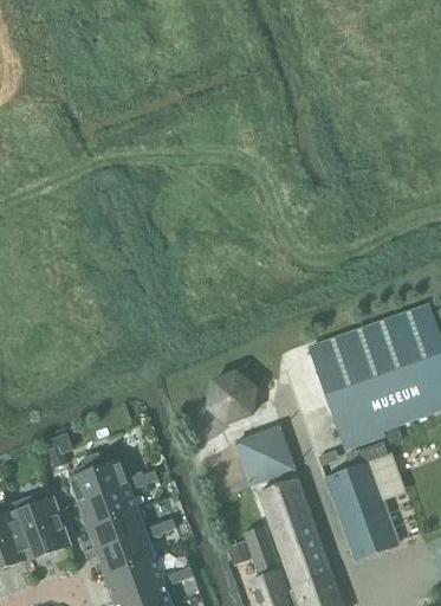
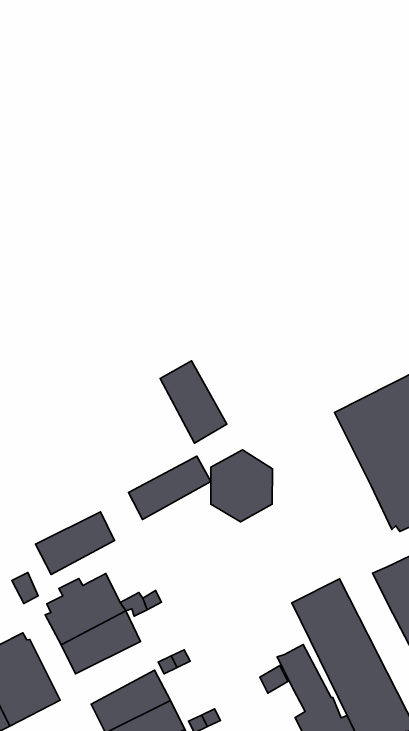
building: none -> [160,361,227,443]
building: none -> [128,456,211,520]
building: [234,426,296,489] -> none
building: [85,509,147,553] -> [35,512,115,574]

